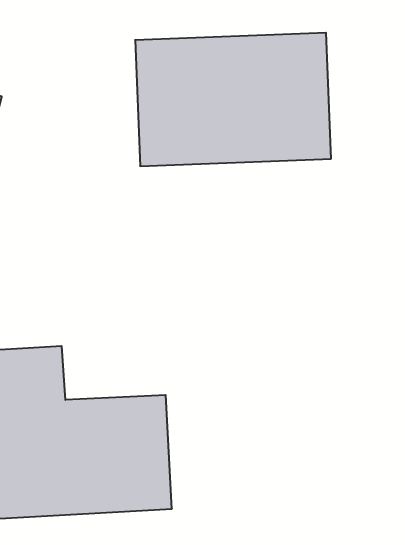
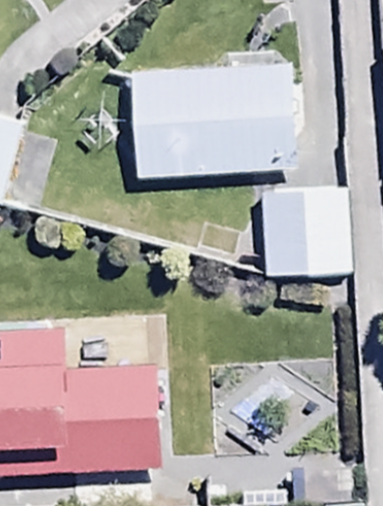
building: none -> [259,189,350,276]

